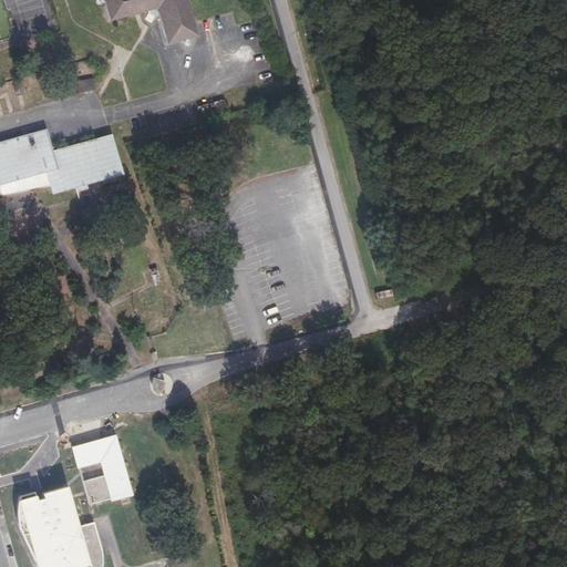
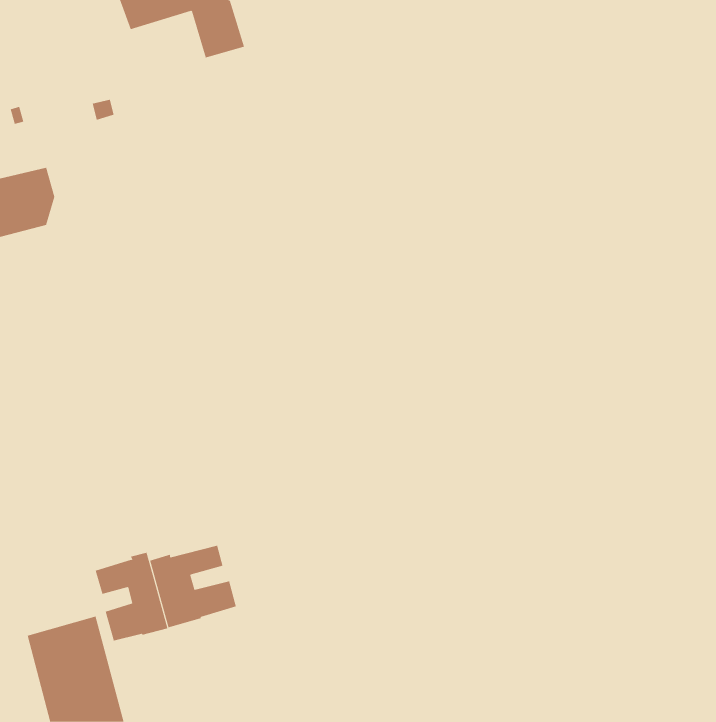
building: [37,135,120,202] -> none
building: none -> [149,545,237,628]

